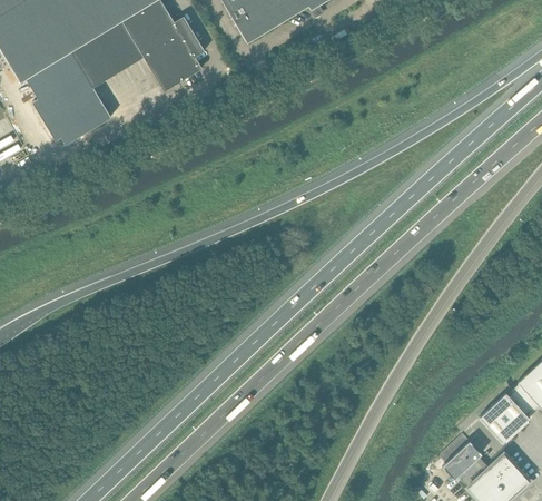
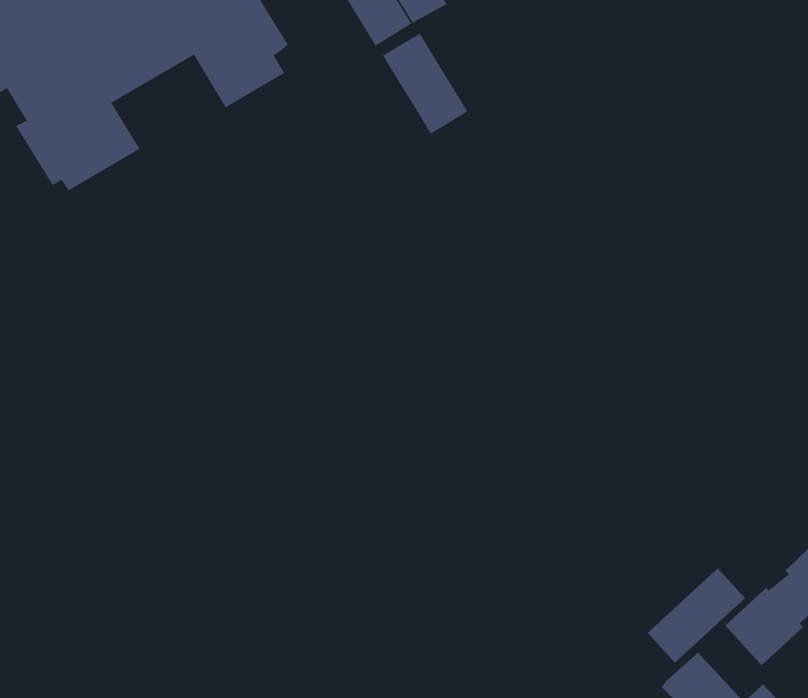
building: none -> [382,33,468,135]
building: none -> [647,567,746,664]

